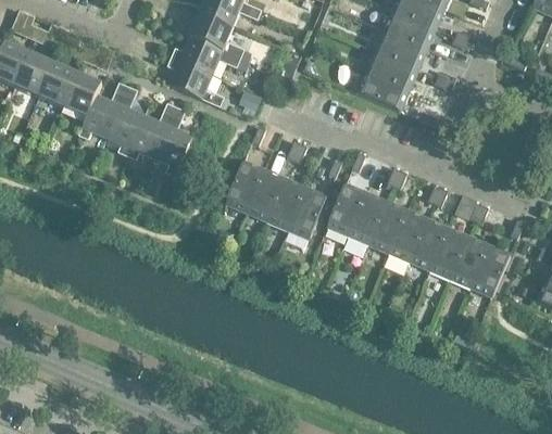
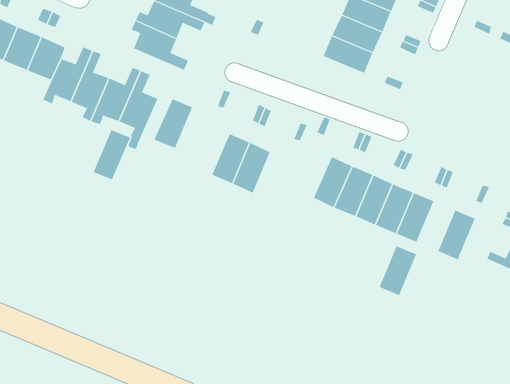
building: [226,161,265,210] -> [154,98,193,149]
building: none -> [93,129,131,180]
building: [328,183,367,233] -> none
building: [289,188,328,238] -> none
building: [452,237,490,286] -> [379,246,417,296]

